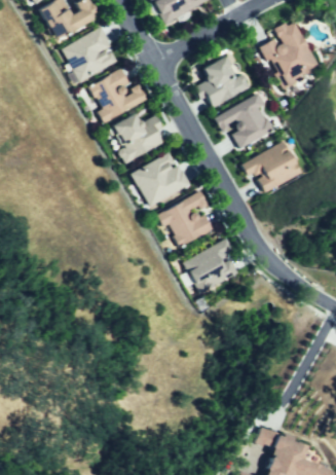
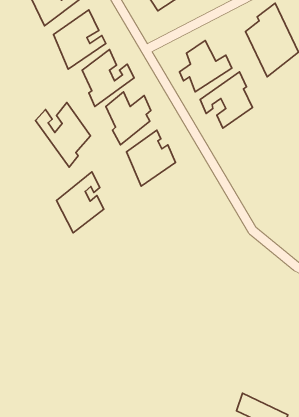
building: none -> [35,102,90,167]
building: [241,136,300,194] -> none
building: [163,188,213,252] -> [57,172,104,233]
building: [188,236,236,295] -> none

